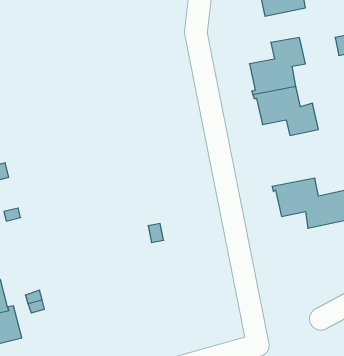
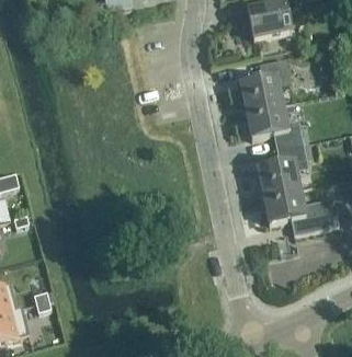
building: none -> [257,141,307,194]

